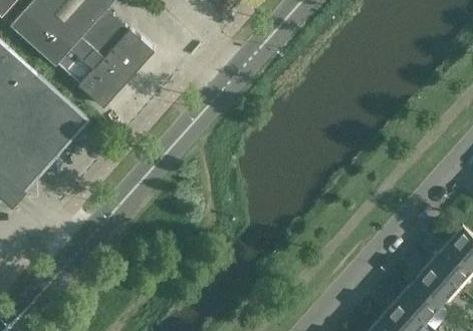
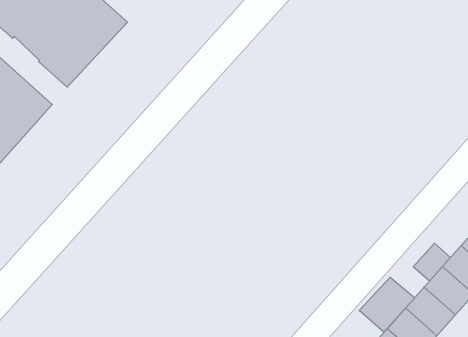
building: none -> [413,243,451,281]
building: none -> [359,277,415,332]

